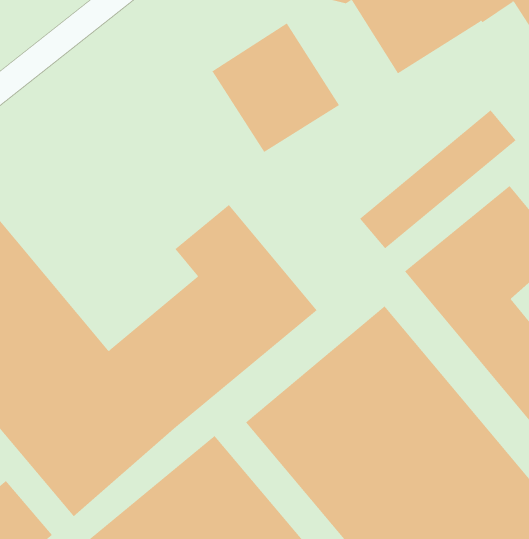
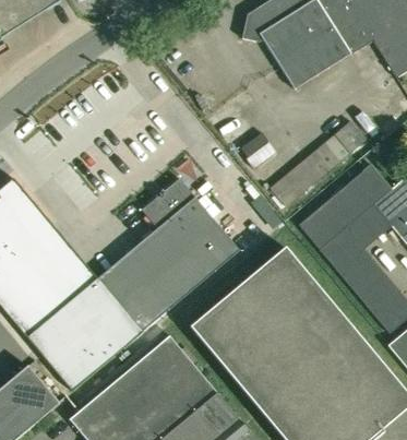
building: [210,22,340,153] -> none

